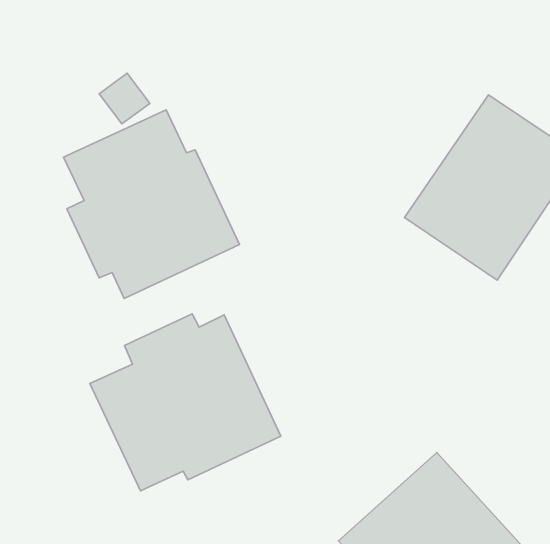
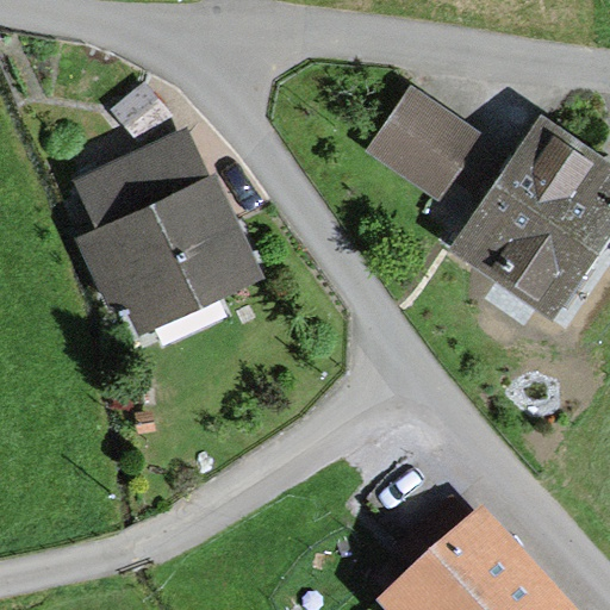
building: none -> [365,87,483,204]
building: [90,314,281,491] -> none

